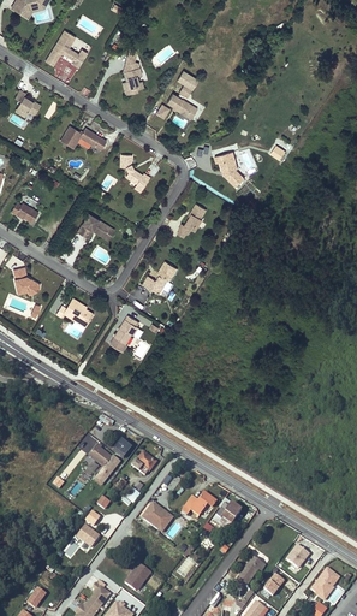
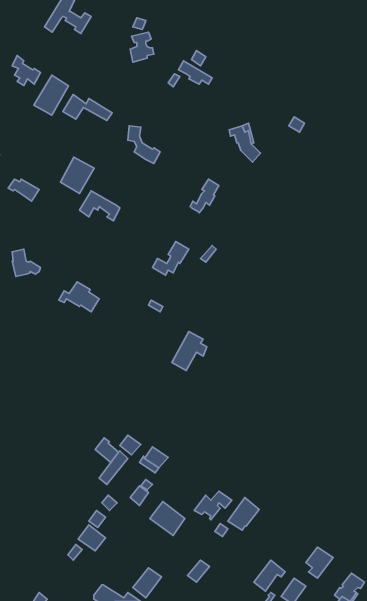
building: none -> [34,75,69,115]
building: none -> [61,157,94,194]
building: [111,315,143,351] -> [172,331,207,370]

